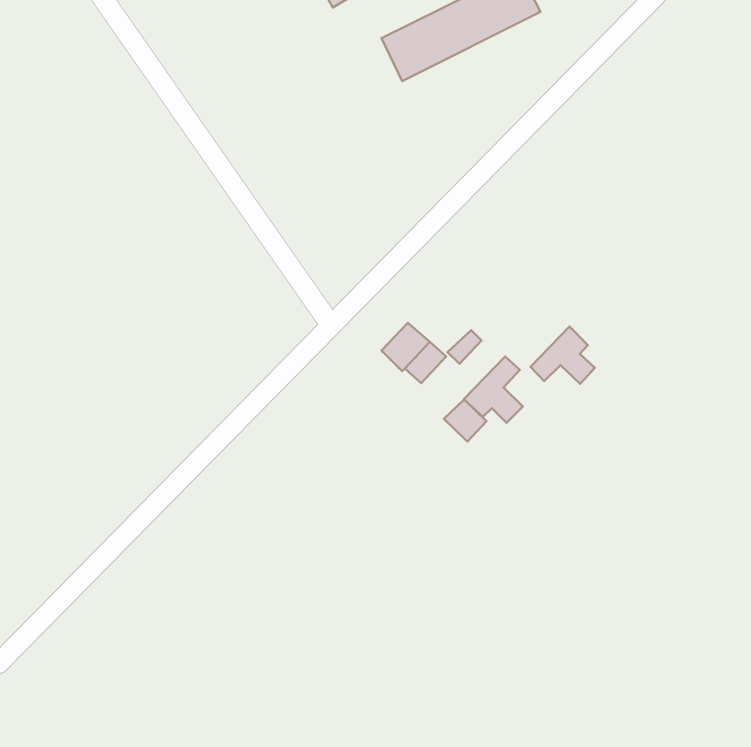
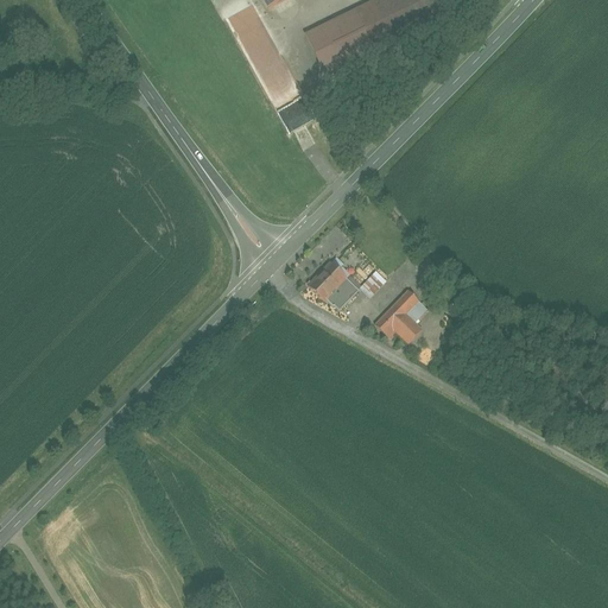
building: [531,327,595,384] -> none
building: [444,400,486,442] -> none

